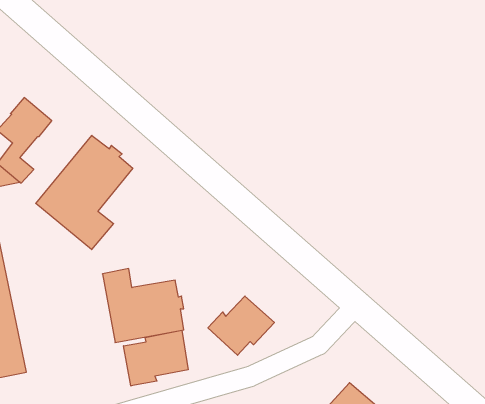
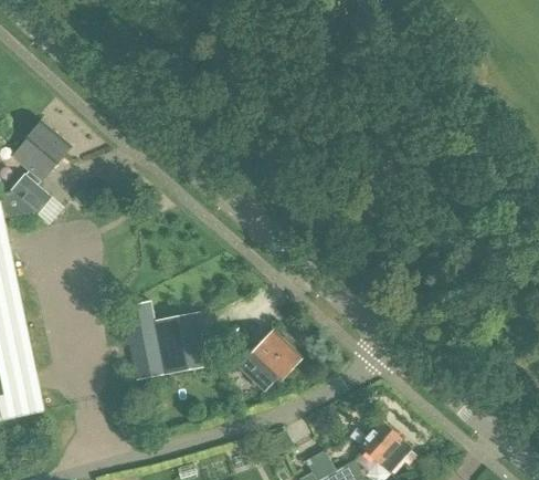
building: [36,135,133,250] -> none
building: [124,330,188,386] -> none

